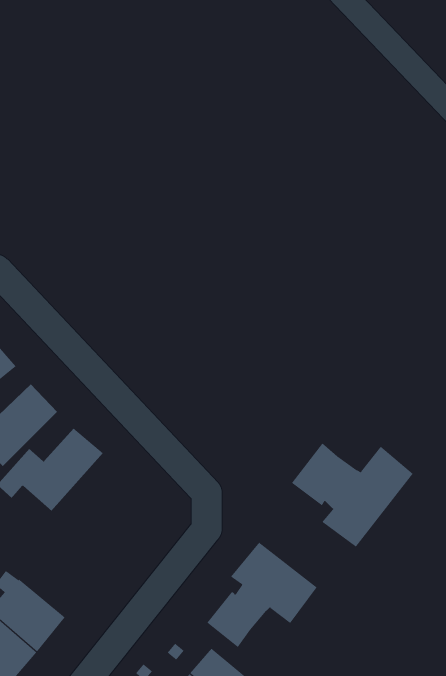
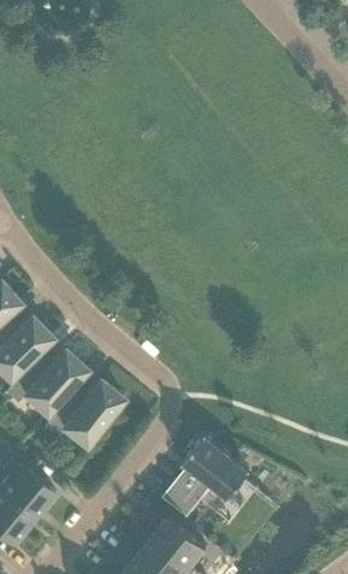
building: [291,443,414,547] -> none
building: none -> [42,379,122,444]

